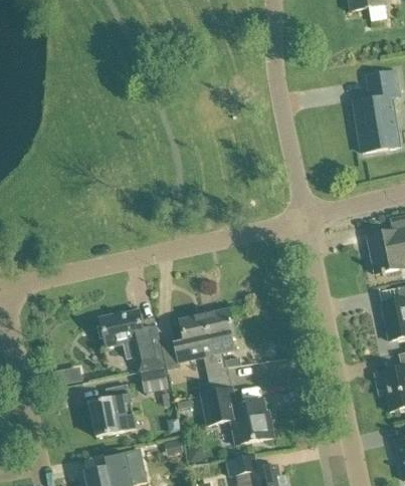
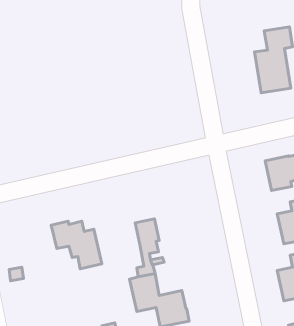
building: [174,313,216,370] -> none
building: [141,366,168,391] -> none
building: [87,383,135,435] -> none

